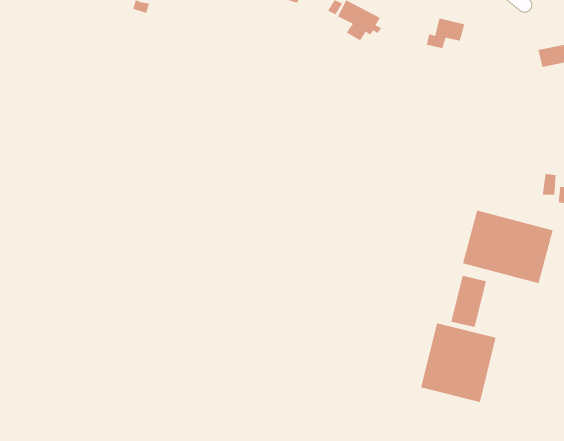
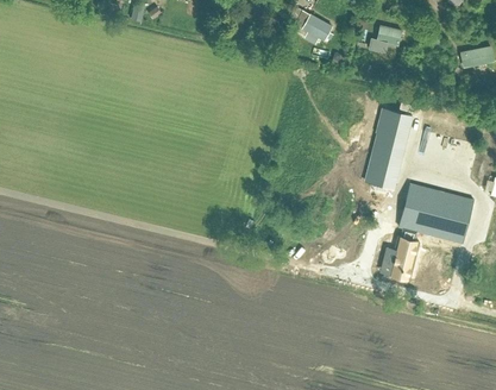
building: none -> [364,109,412,188]
building: [421,322,496,403] -> none

